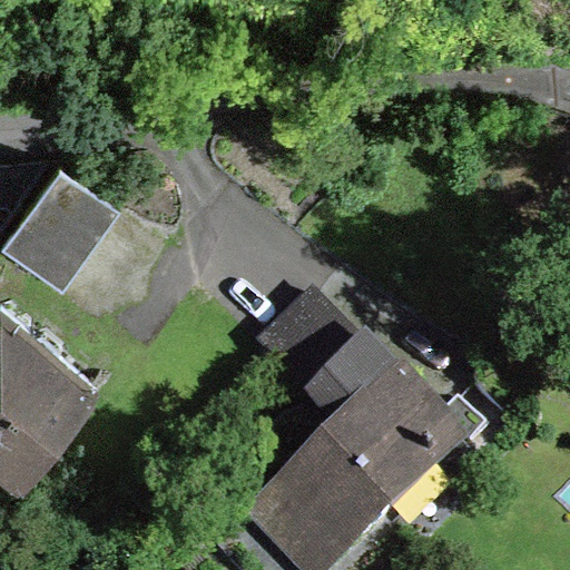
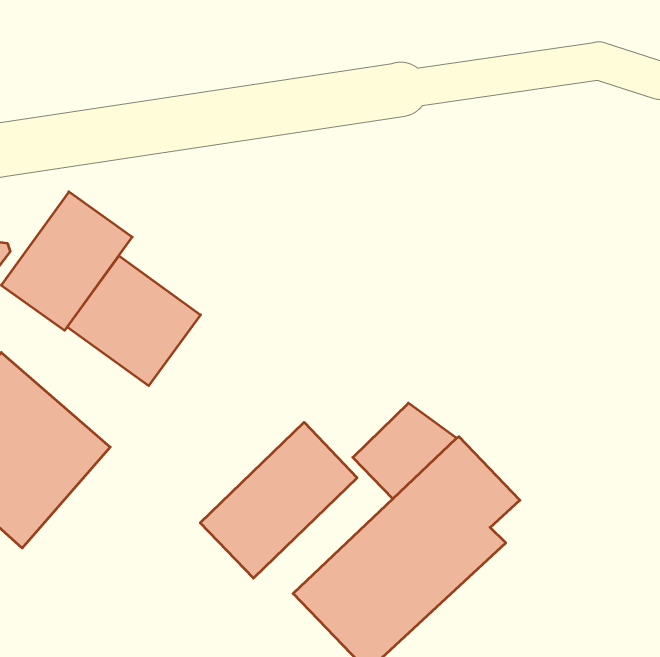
building: none -> [67,256,201,386]
building: none -> [200,422,357,578]

